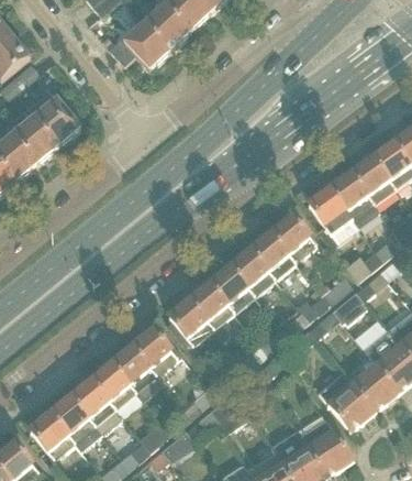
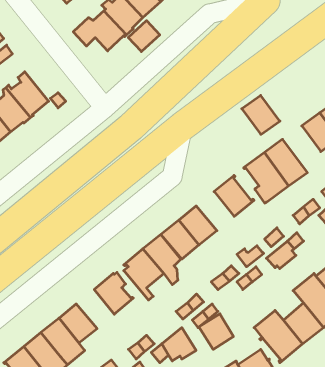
building: none -> [128,21,160,52]
building: [350,157,394,203] -> [242,95,280,134]
building: [250,233,294,278] -> none
building: [112,347,163,400] -> none
building: none -> [199,314,233,349]

